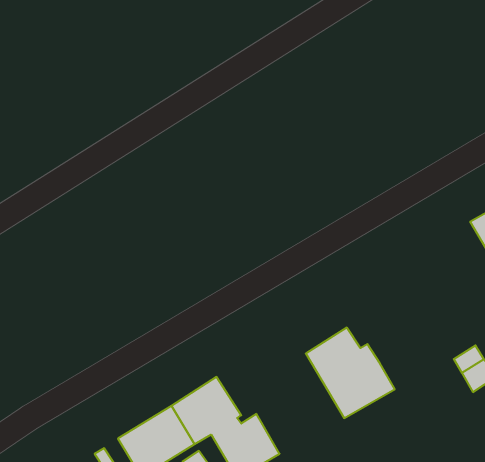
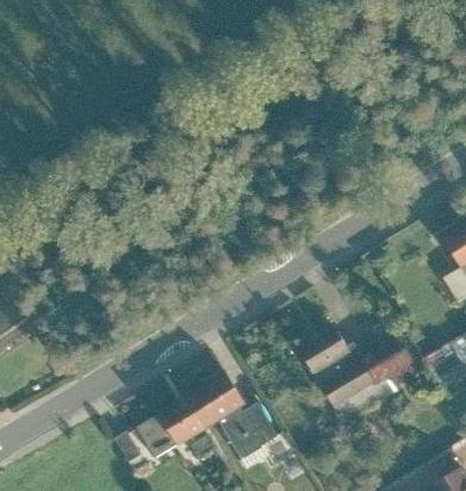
building: none -> [365,340,411,383]

